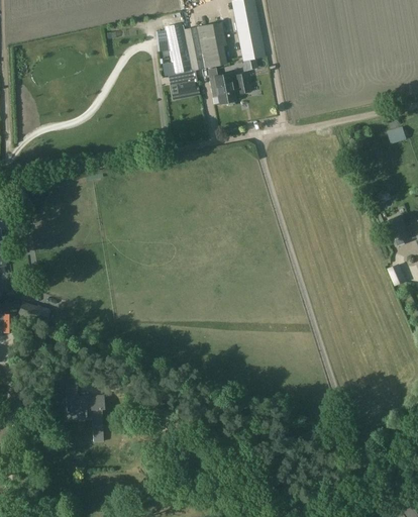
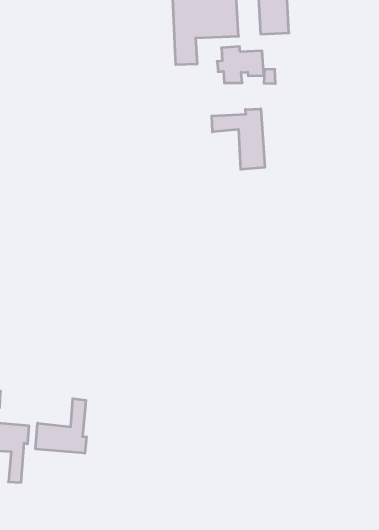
building: none -> [212,109,265,169]
building: none -> [36,399,86,453]

